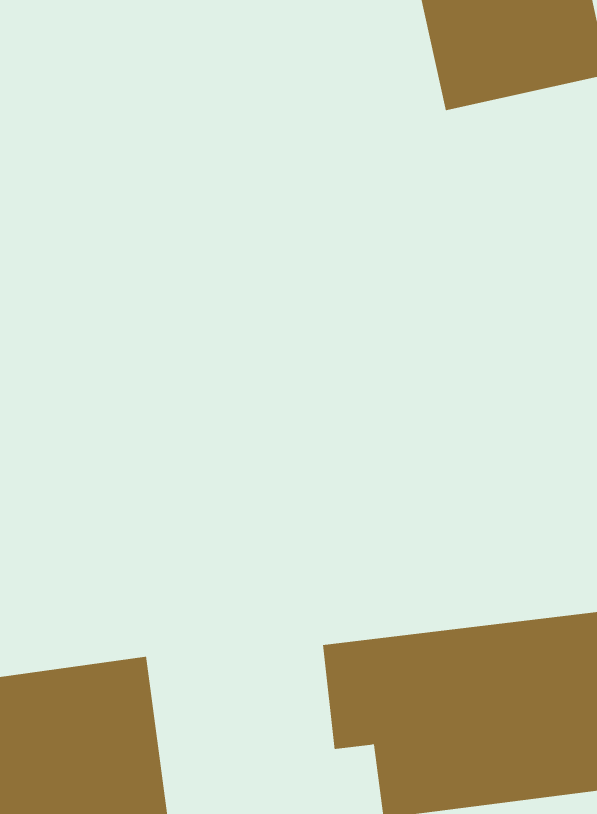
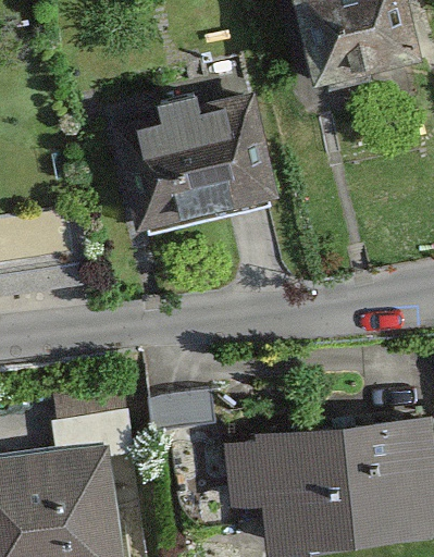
building: none -> [119,92,274,233]

